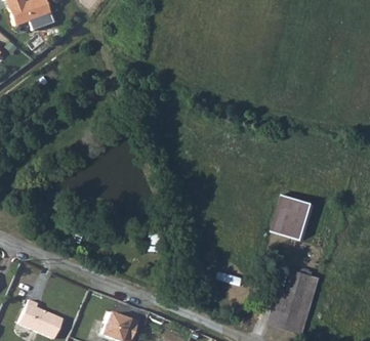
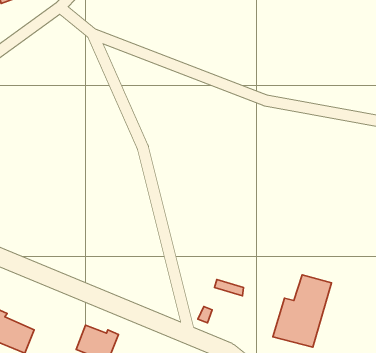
building: [273,195,315,241] -> none

